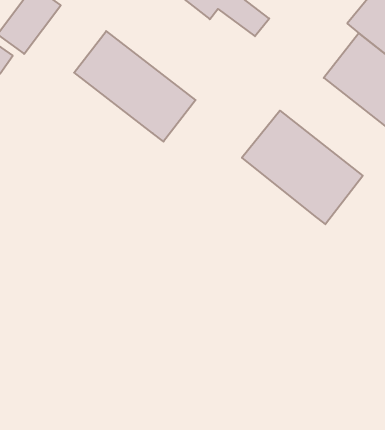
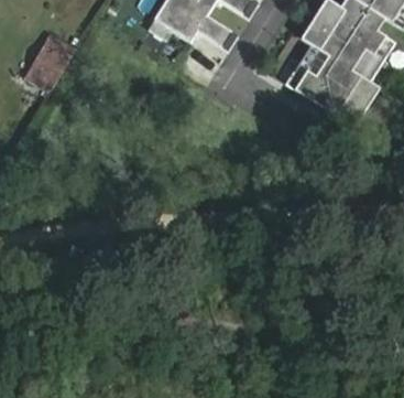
building: [74,31,196,142] -> none
building: [242,111,363,224] -> none

